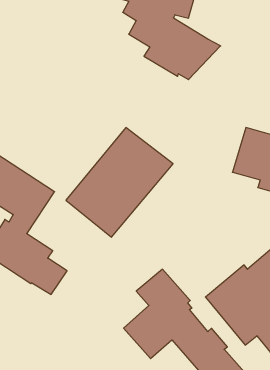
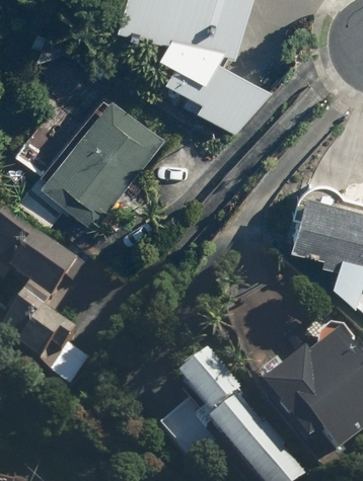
building: [66,128,173,237] -> [41,89,169,221]

